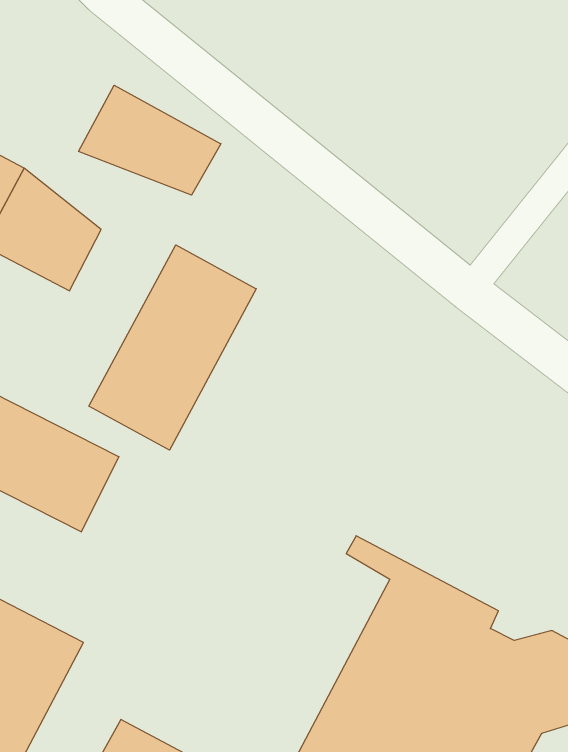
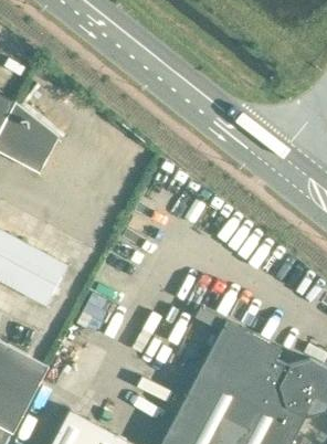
building: [79,85,221,195] -> none
building: [89,245,256,450] -> none

